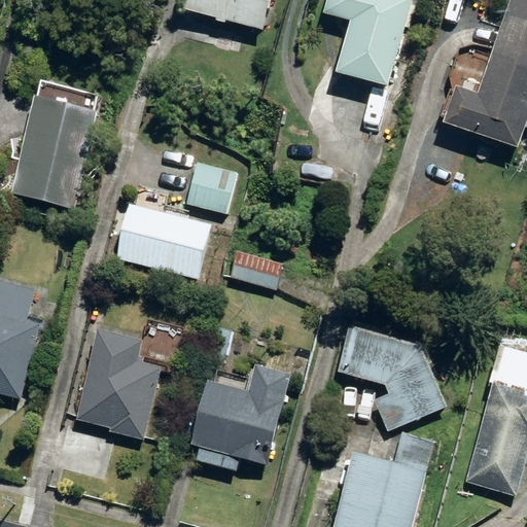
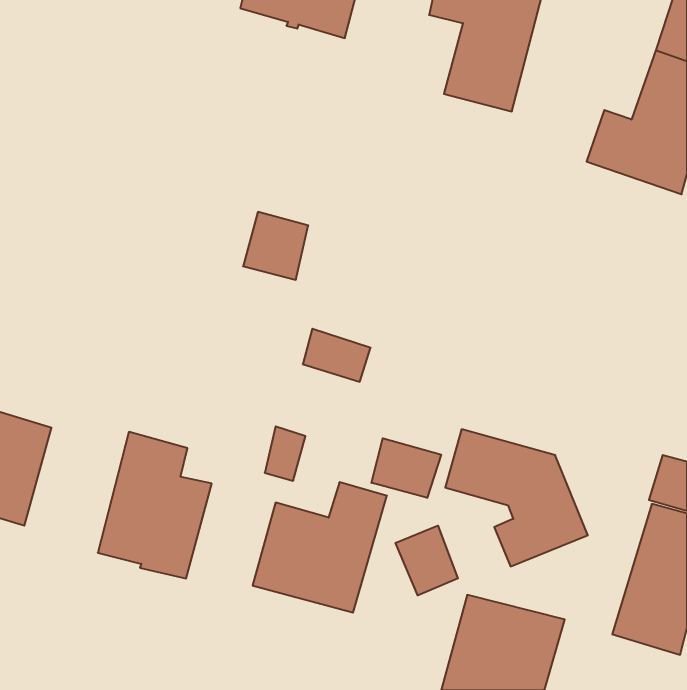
building: [10,95,97,208] -> none
building: [115,203,211,278] -> none
building: none -> [371,438,441,498]
building: none -> [396,526,458,595]

